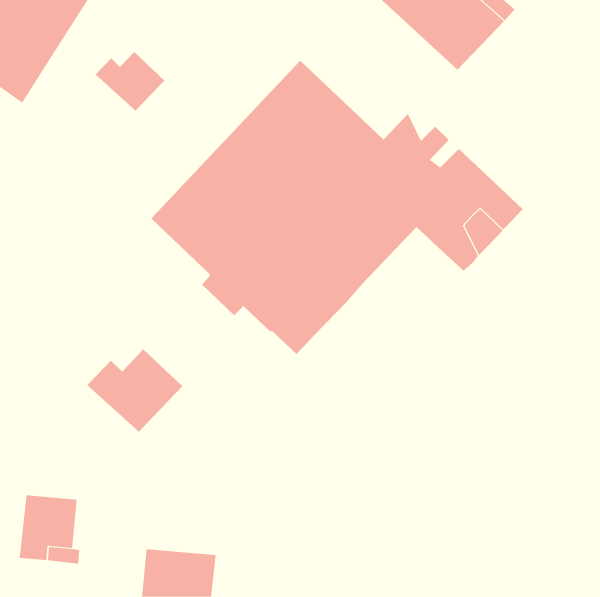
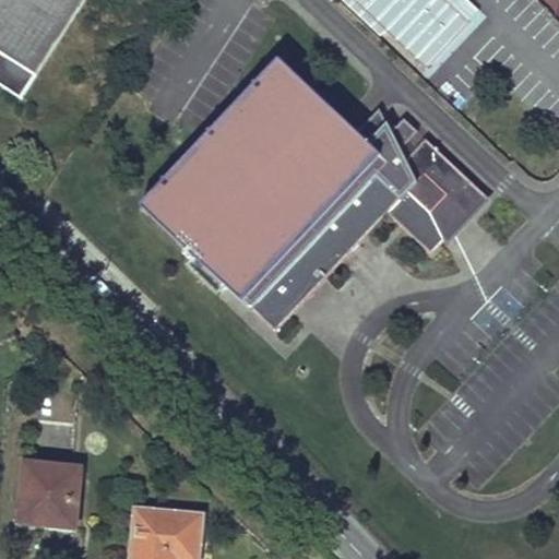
building: [95,51,165,112] -> none
building: [87,349,183,433] -> none

